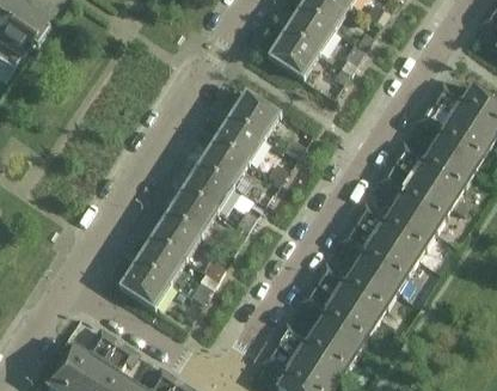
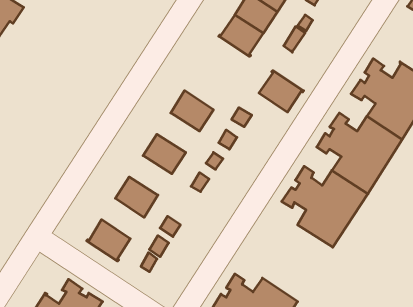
building: [228,92,278,139] -> [259,71,304,112]
building: [197,142,245,187] -> none
building: [166,190,214,234] -> none
building: [135,238,183,283] -> none
building: [299,263,394,354] -> none

